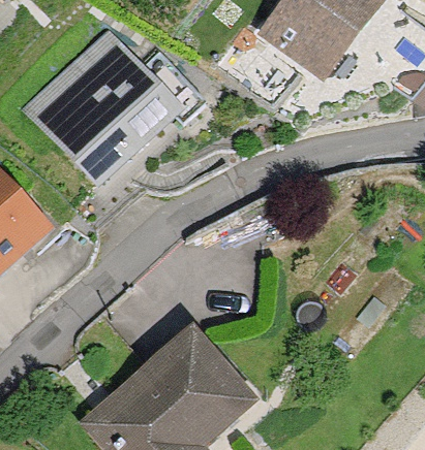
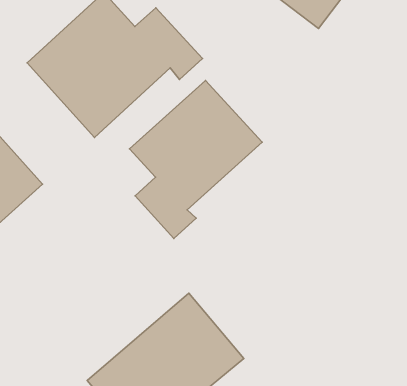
building: none -> [129,80,262,239]

